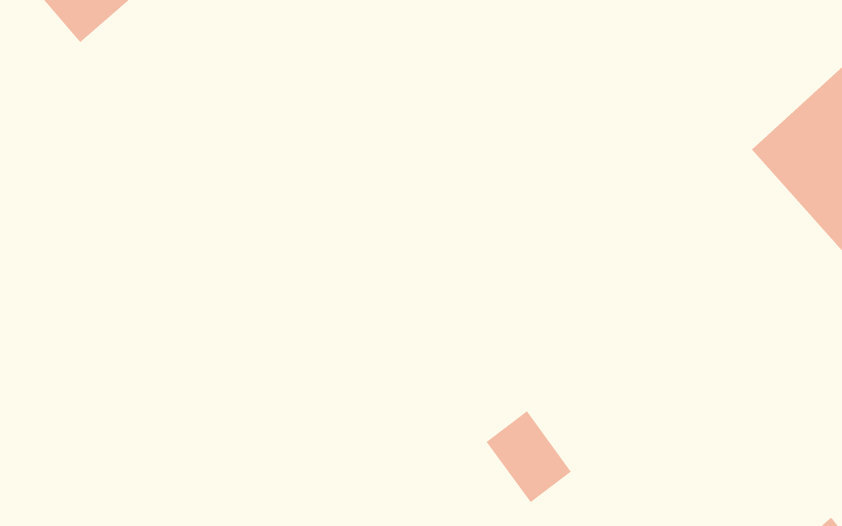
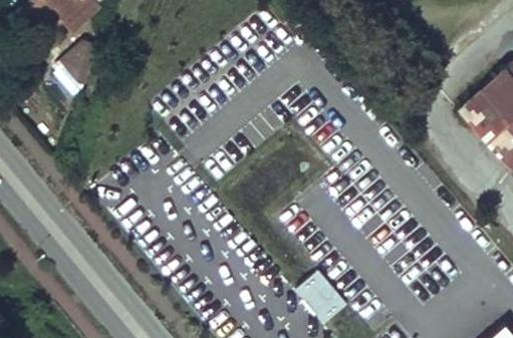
building: none -> [60,32,107,80]

